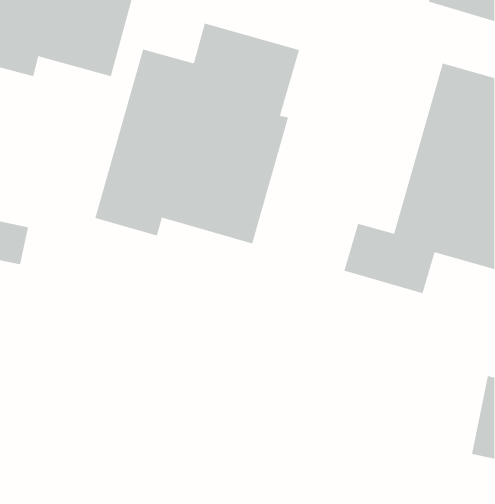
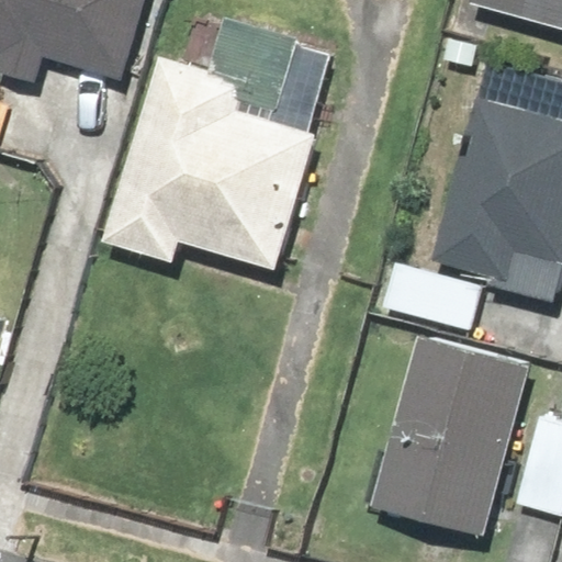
building: none -> [369,328,532,538]

